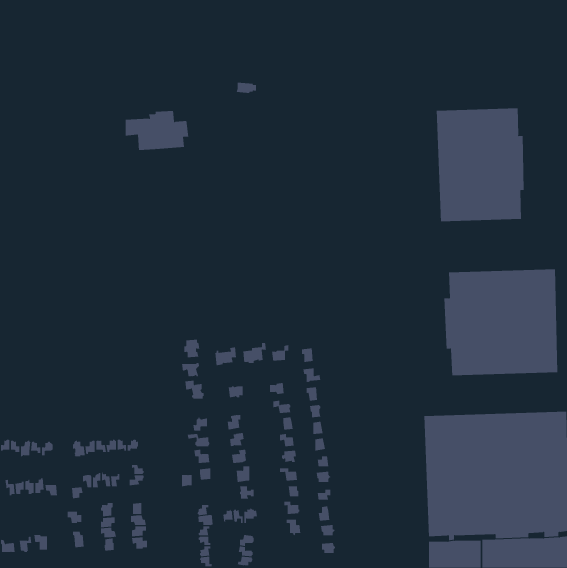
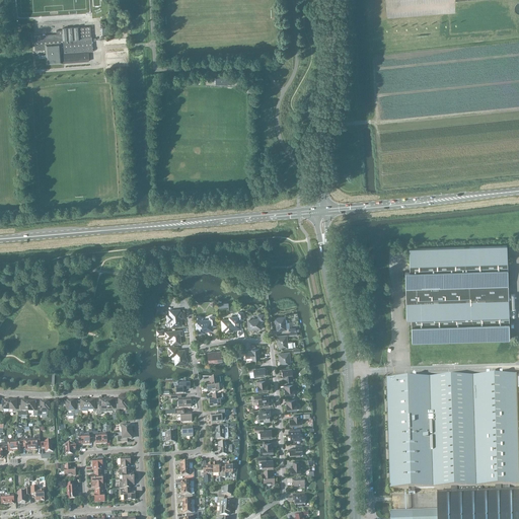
building: [436,108,524,222] -> none
building: [125,110,189,151] -> [35,27,94,64]

